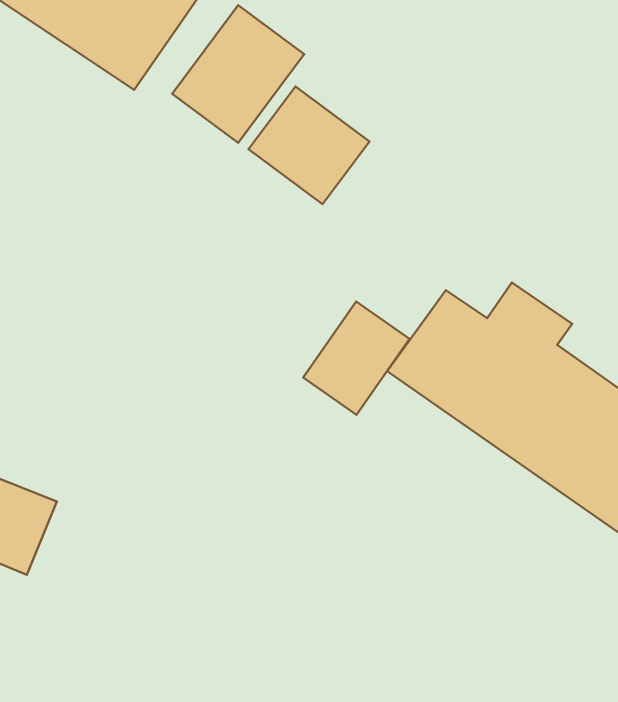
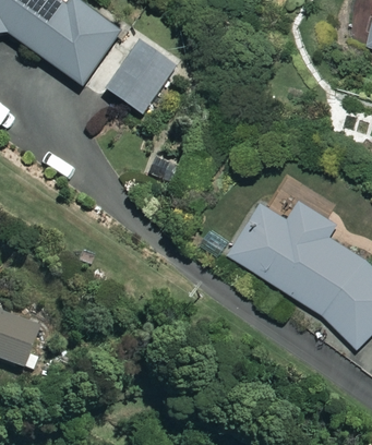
building: [249,86,369,204] -> none
building: [303,302,410,415] -> none

